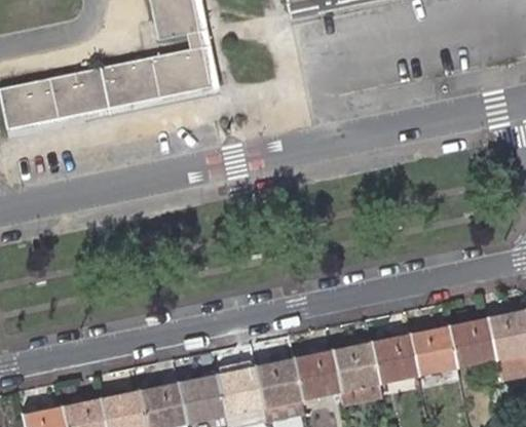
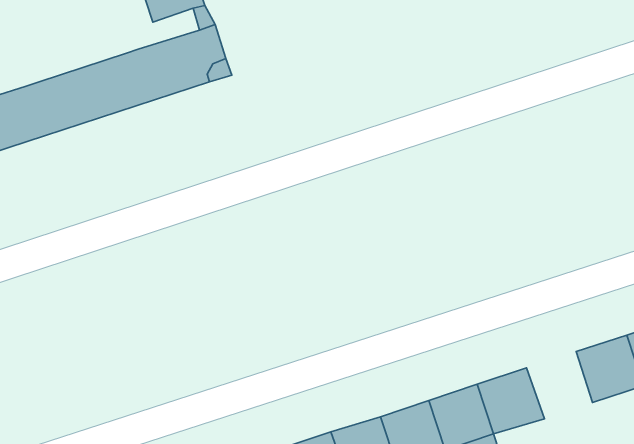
building: [412,325,459,374] -> none

